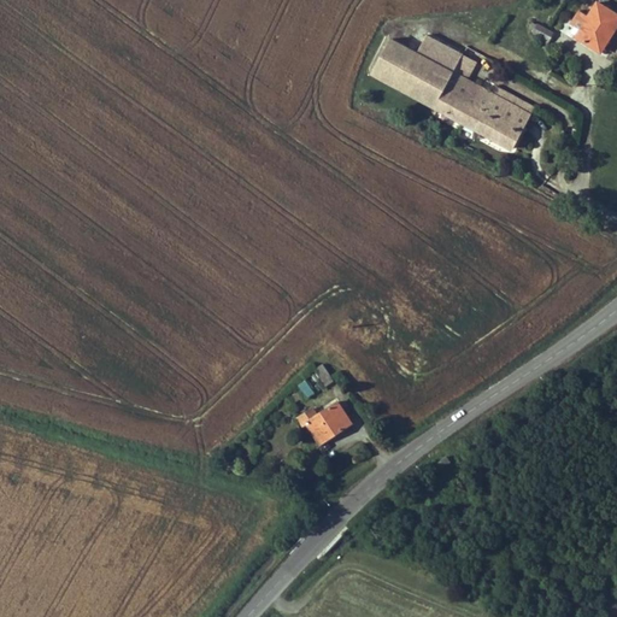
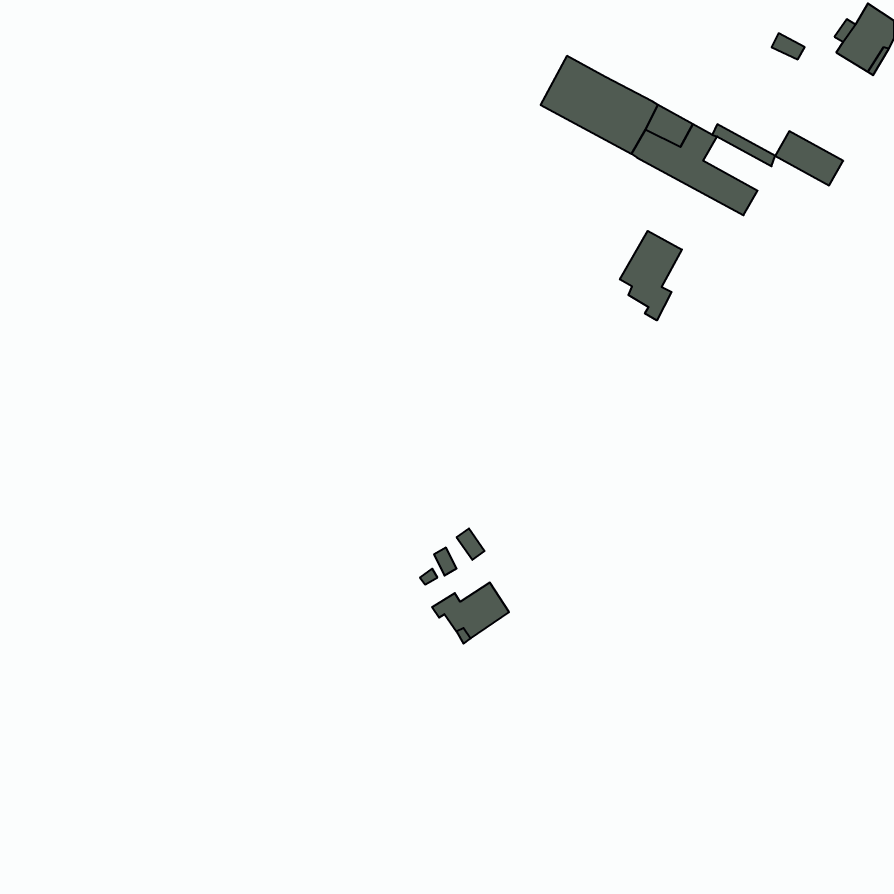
building: [417,35,458,70] -> none
building: [484,94,531,131] -> [775,131,843,185]
building: none -> [620,231,682,320]

